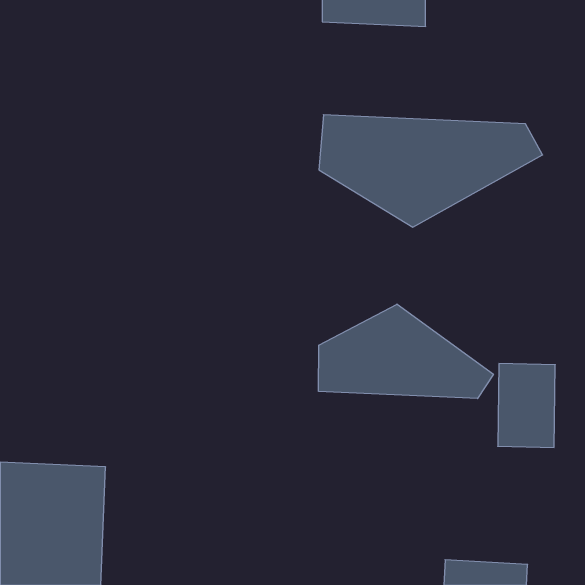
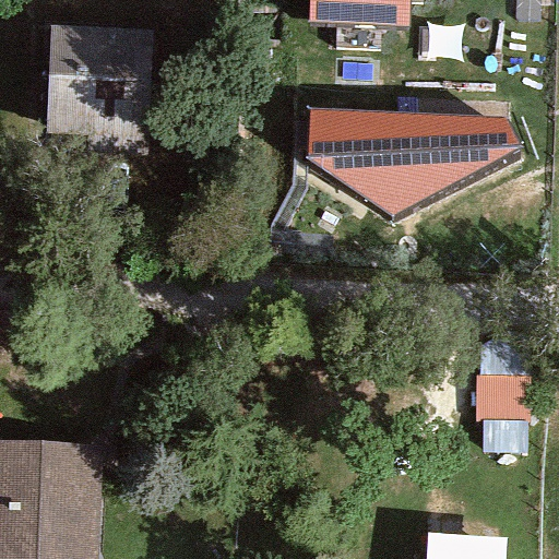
building: none -> [46,25,151,155]
building: [319,304,493,399] -> none

